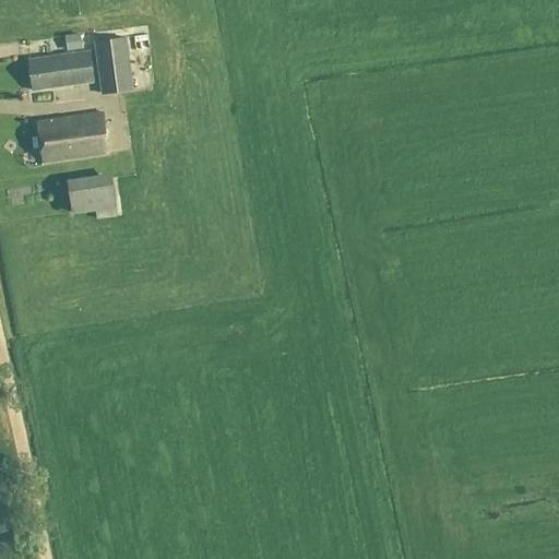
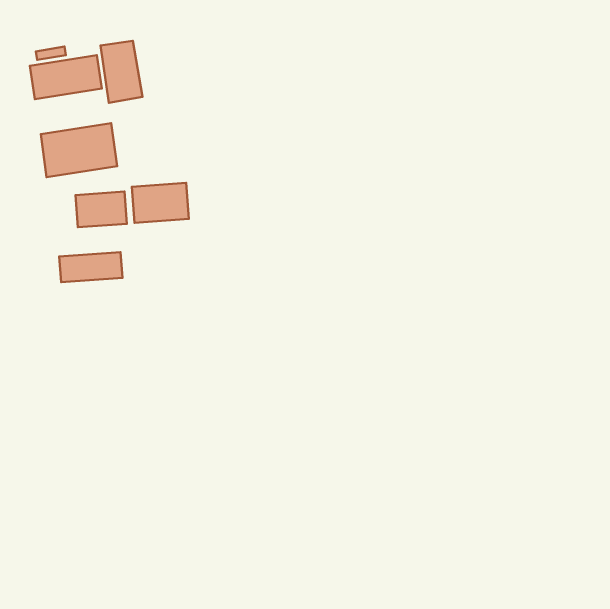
building: none -> [132,183,189,223]
building: none -> [59,252,122,282]

